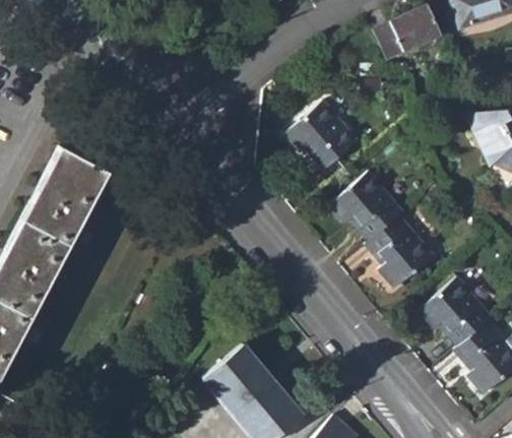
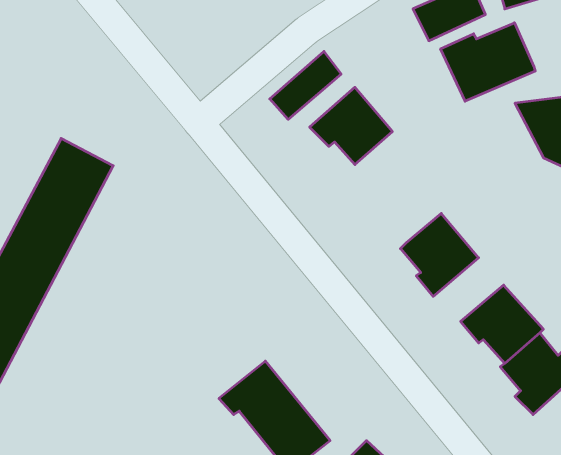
building: none -> [441,23,535,101]
building: none -> [270,51,341,119]
building: [327,171,403,240] -> none

